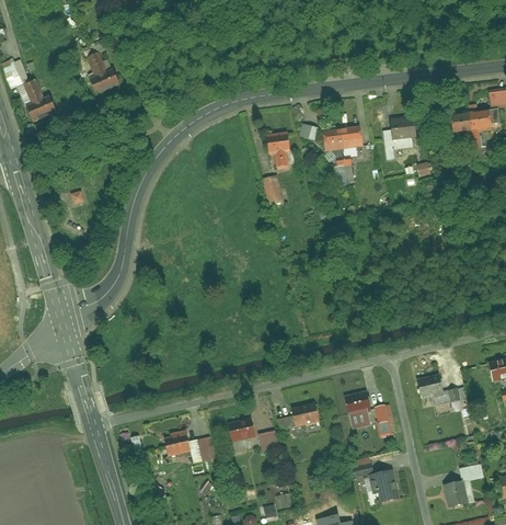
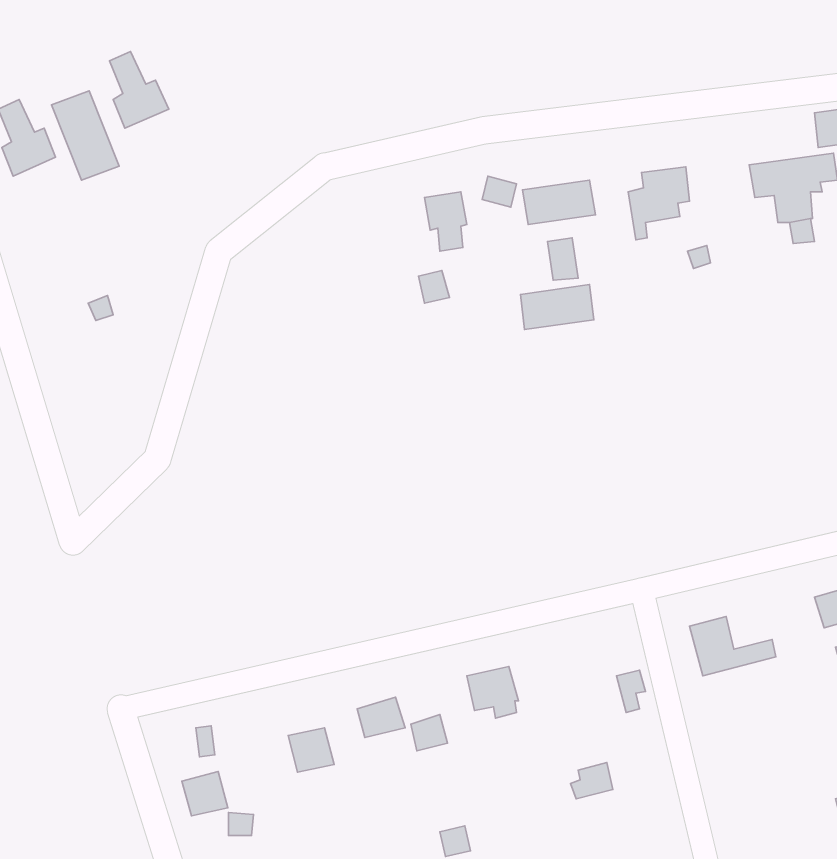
building: none -> [51,91,119,180]
building: none -> [520,284,594,330]
building: [343,391,370,416] -> none
building: [163,431,189,456] -> [182,771,228,816]
building: [441,464,483,507] -> none
building: [367,469,399,505] -> none

